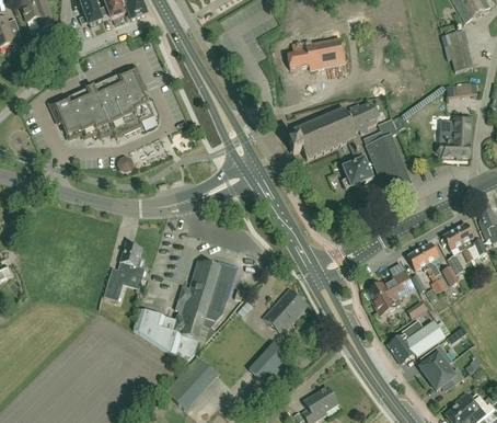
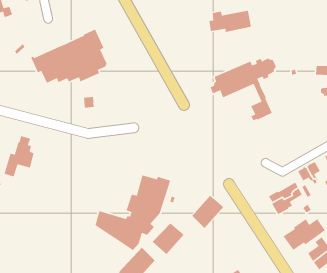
building: [363,119,411,195] -> none
building: [103,244,145,301] -> [3,135,34,177]
building: [248,343,292,387] -> [152,222,184,255]

